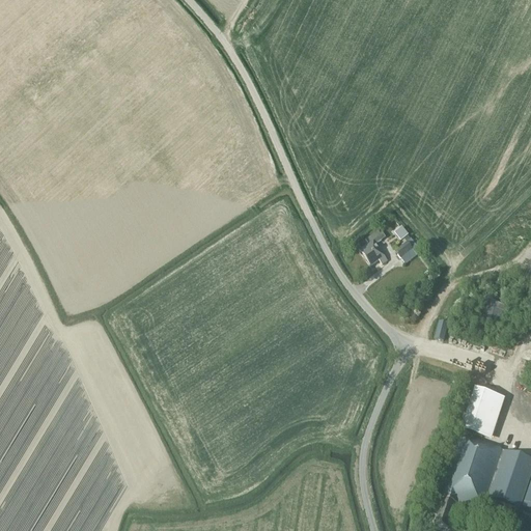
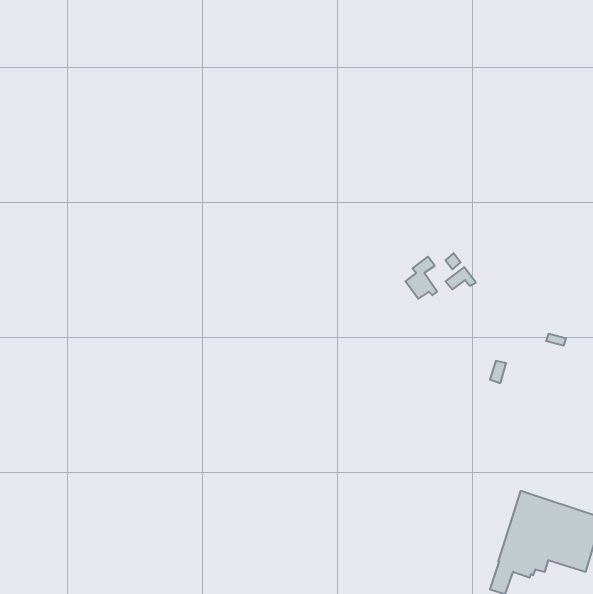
building: [466,387,499,435] -> none

